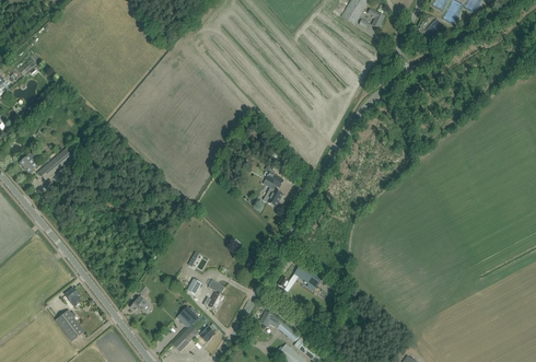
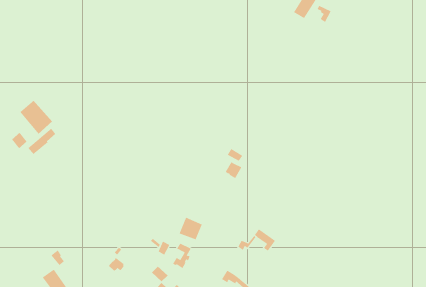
building: none -> [19,100,53,134]
building: none -> [179,217,203,240]

